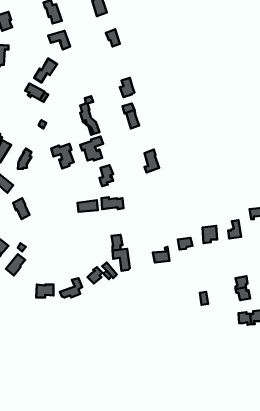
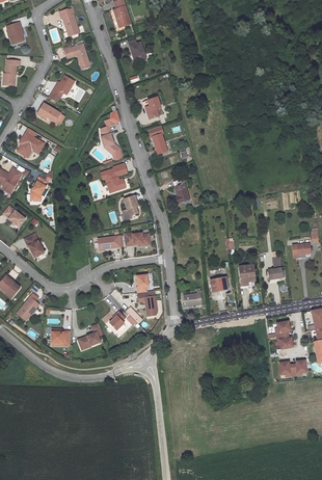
building: none -> [18,127,45,156]
building: [51,144,74,168] -> none

